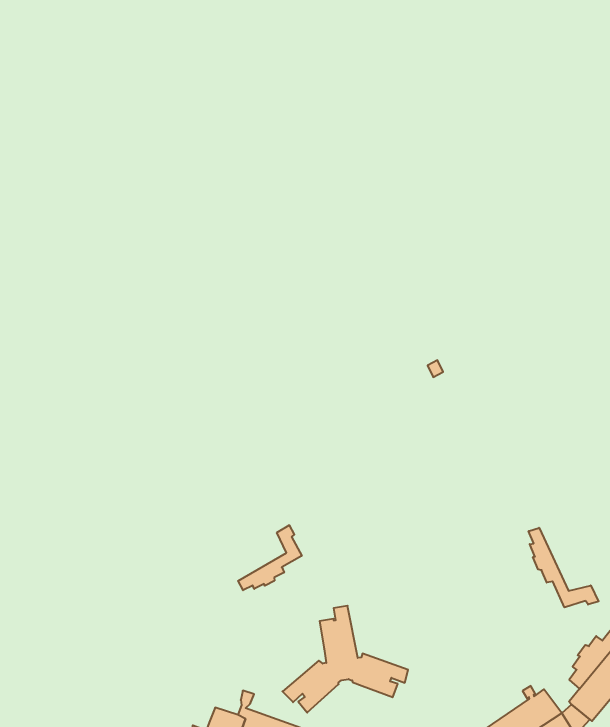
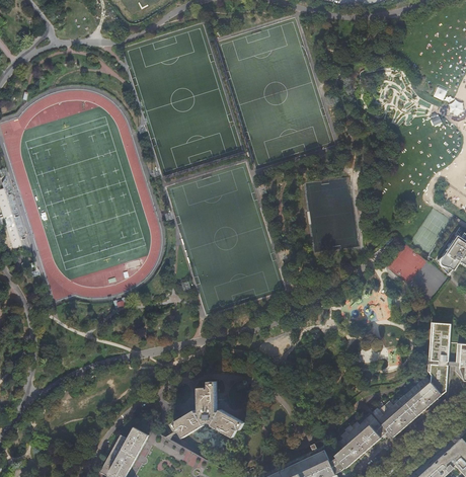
building: [238,525,302,590] -> none
building: [529,528,599,607] -> none

